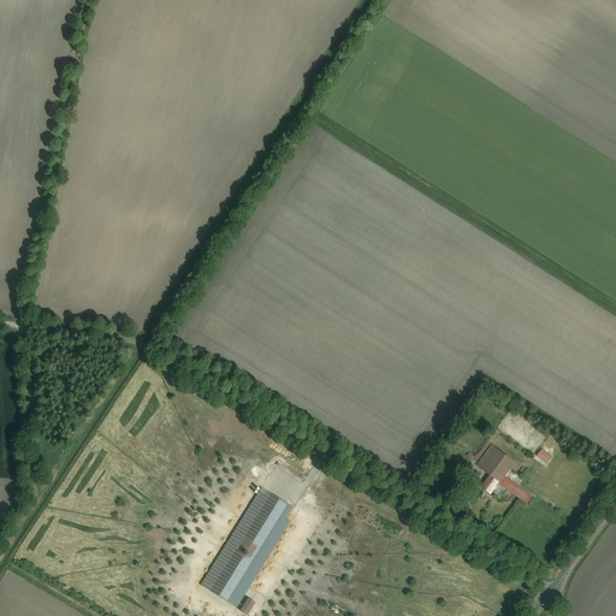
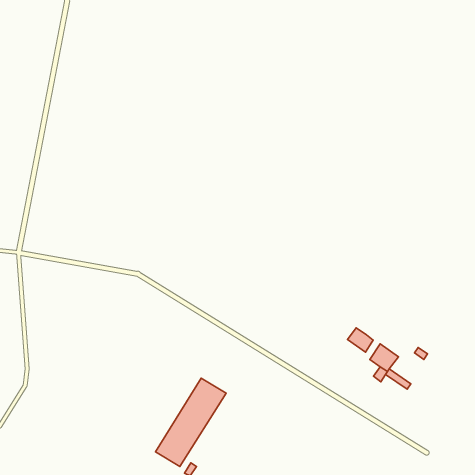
building: none -> [347,328,373,352]

